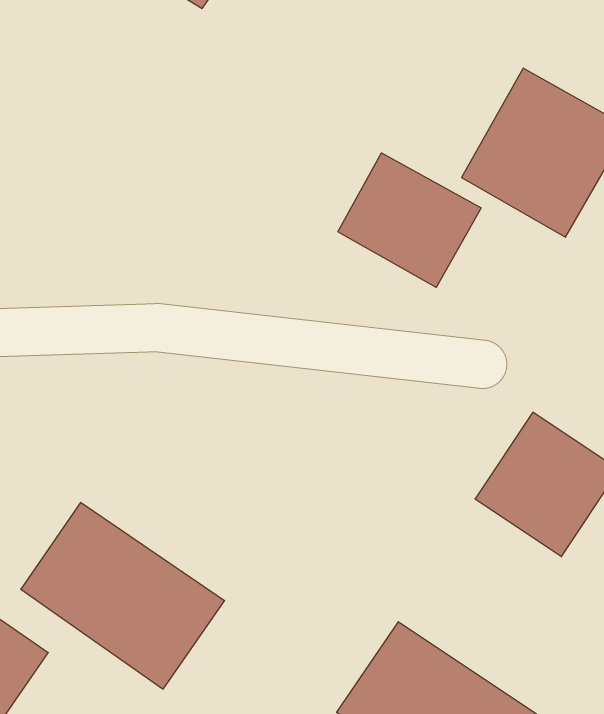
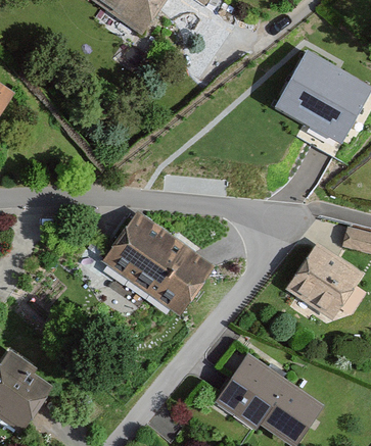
building: [338,153,481,287] -> none
building: [21,503,225,689] -> [103,214,212,313]

